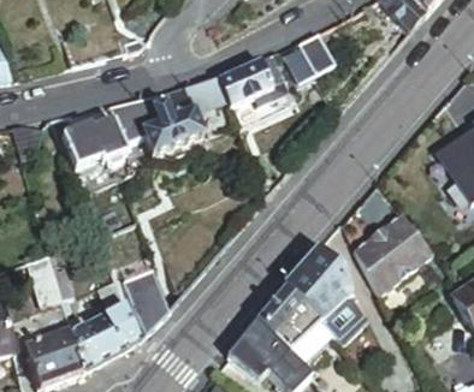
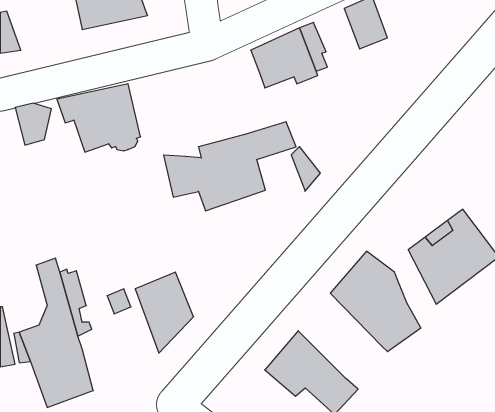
building: [112,77,226,154] -> [164,122,296,211]
building: [259,286,331,360] -> none
building: [72,309,130,370] -> none

